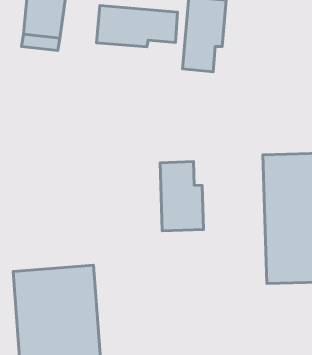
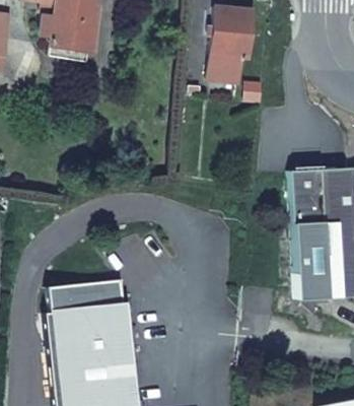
building: [96,6,177,47] -> none
building: [160,161,204,231] -> none

